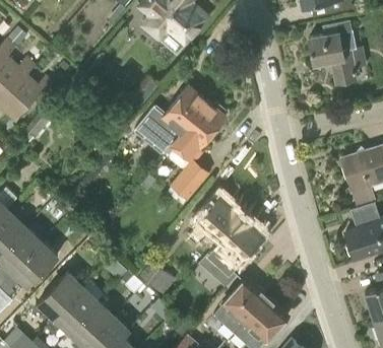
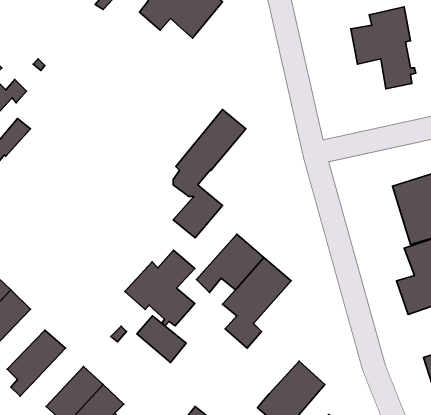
building: [126,85,207,145] -> none
building: none -> [125,250,195,326]
building: [213,278,267,334] -> none
building: [49,287,99,333] -> none

